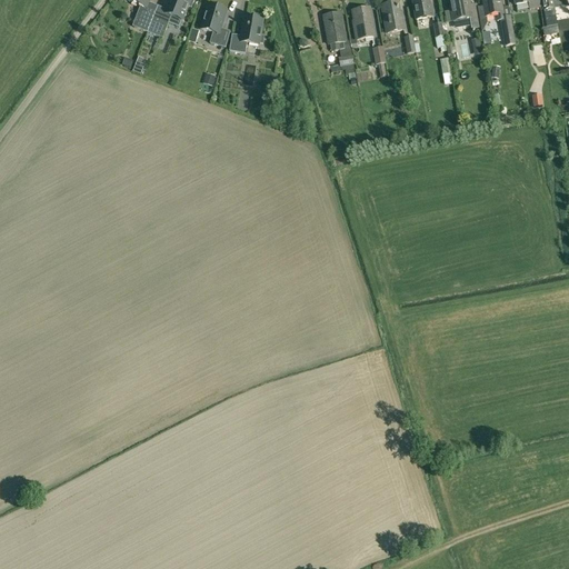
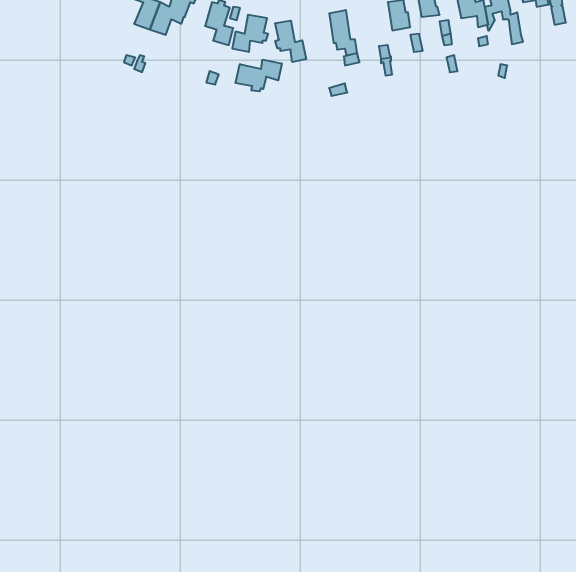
building: [353,4,375,37] -> none
building: none -> [275,21,306,62]
building: none -> [236,60,282,91]

